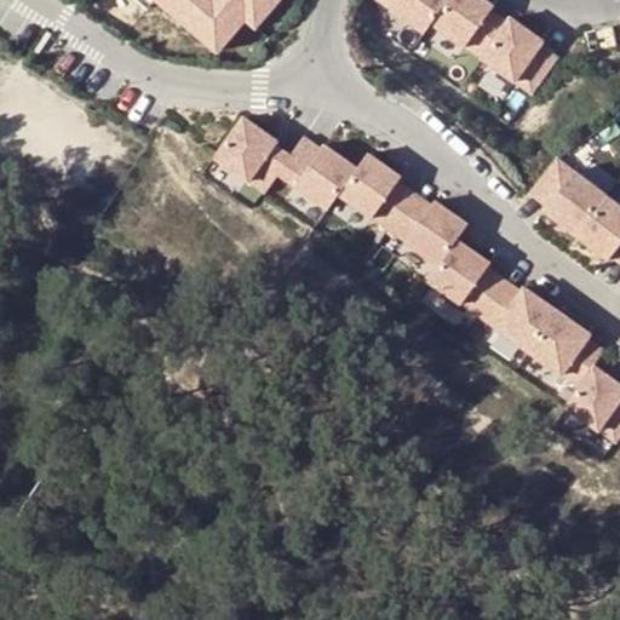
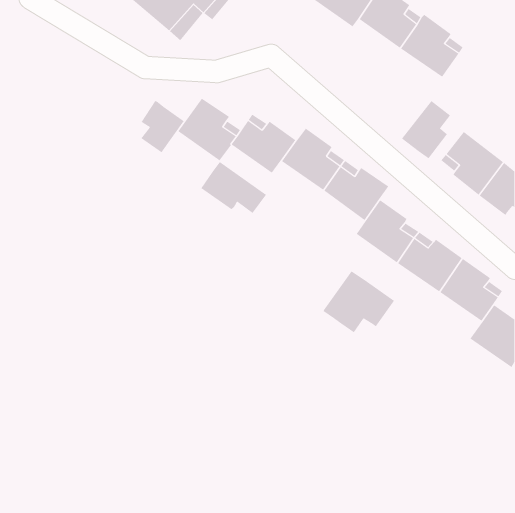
building: none -> [141,100,185,153]
building: none -> [401,100,451,159]
building: none -> [201,161,267,214]
building: none -> [323,270,395,333]

